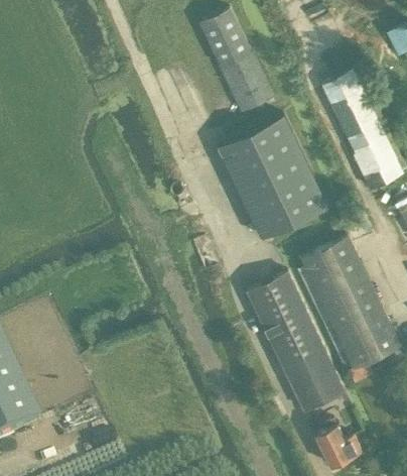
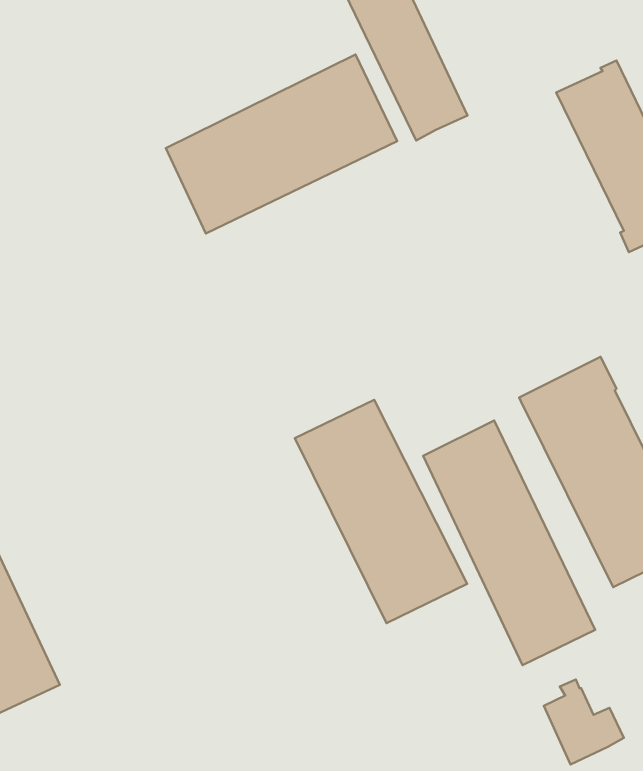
building: none -> [166,55,397,234]
building: [217,115,328,240] -> none
building: none -> [295,400,467,623]

